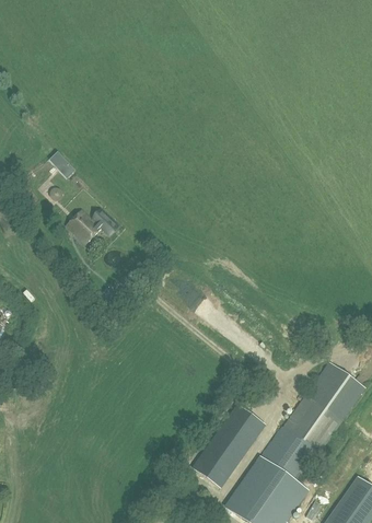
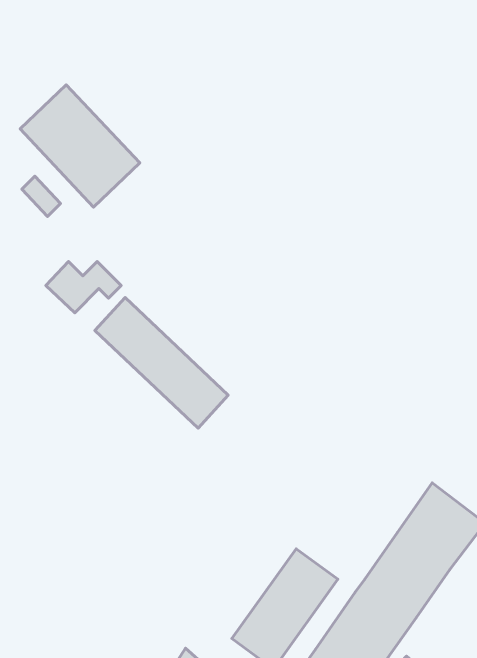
building: none -> [20,85,140,207]
building: none -> [95,298,228,428]

